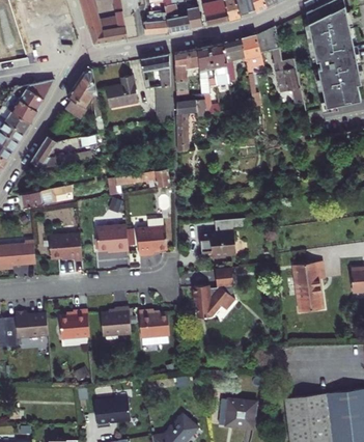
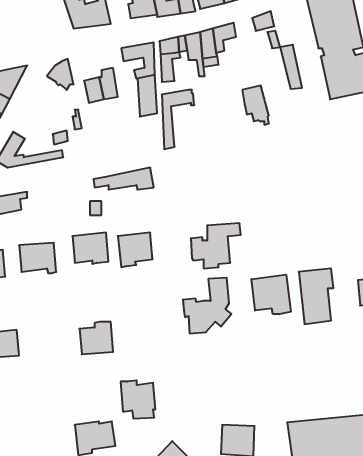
building: [239,34,262,70] -> [242,85,269,125]
building: [62,86,89,121] -> none
building: none -> [251,275,291,314]
building: [139,308,170,342] -> [121,380,155,419]
building: [58,310,88,339] -> none

